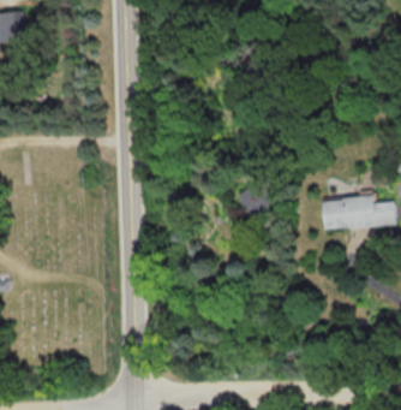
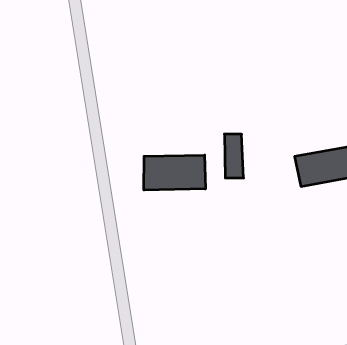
building: none -> [144,155,205,190]

